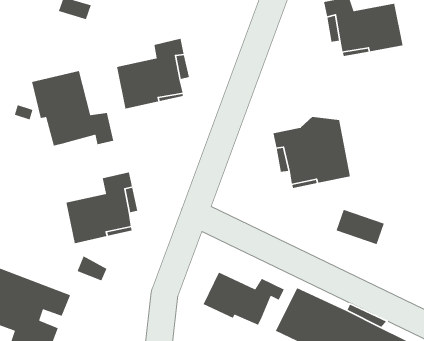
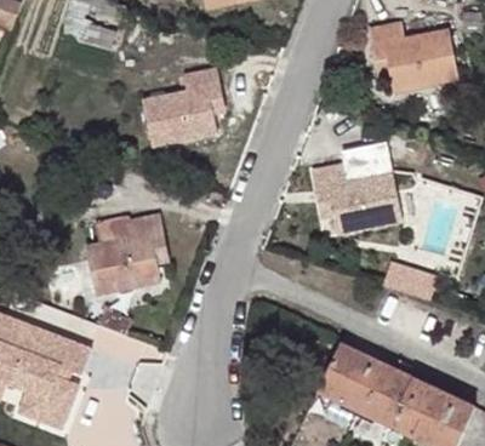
building: [31,70,114,146] -> none
building: [203,272,285,326] -> none

